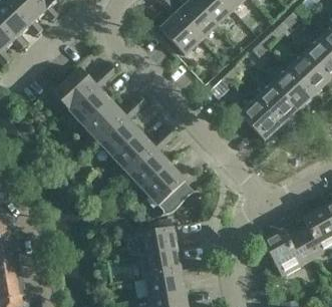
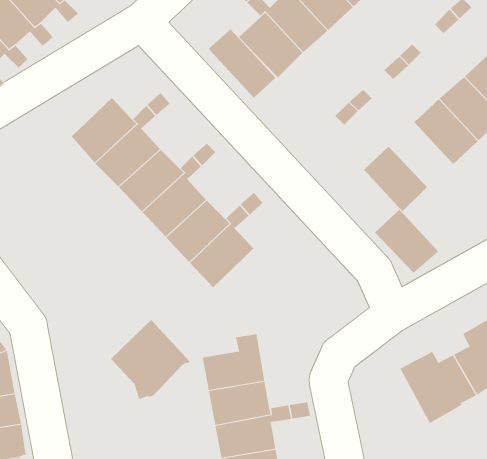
building: none -> [208,28,276,98]
building: [255,83,296,124] -> [374,209,439,274]
building: [143,164,195,215] -> [110,319,191,400]

